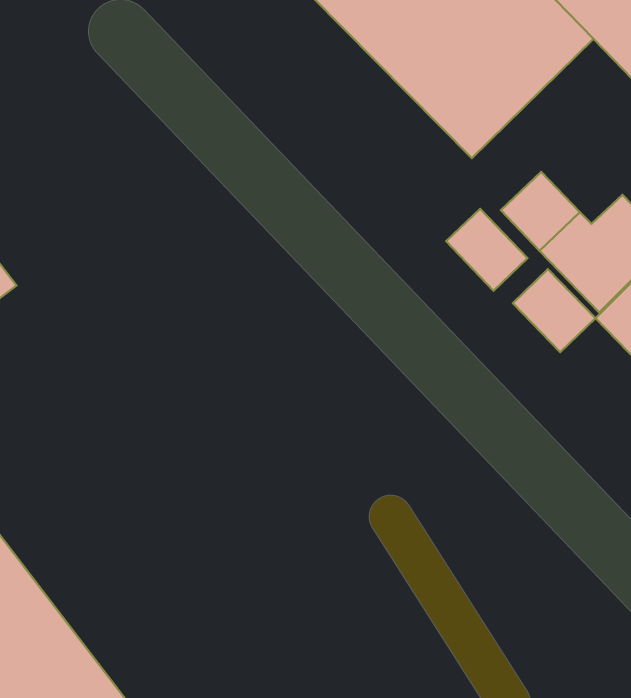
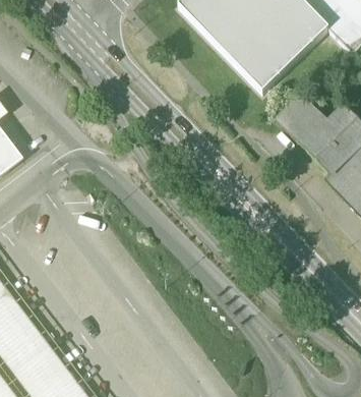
building: [446,209,527,291] -> none
building: [513,269,595,352] -> none

